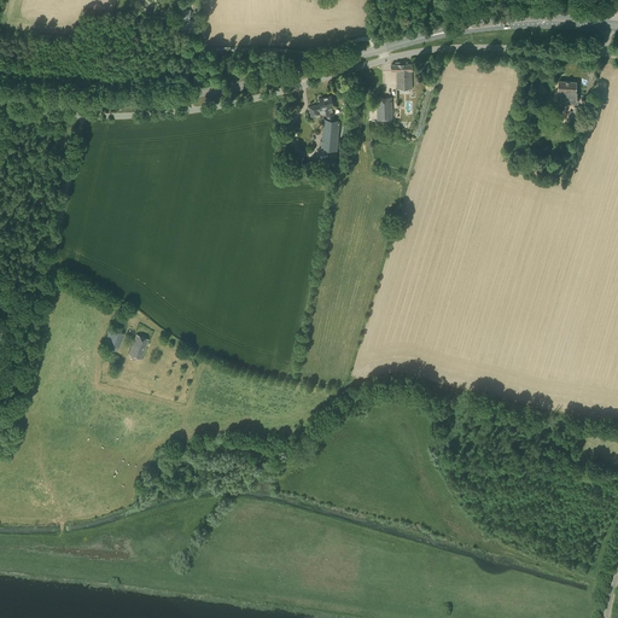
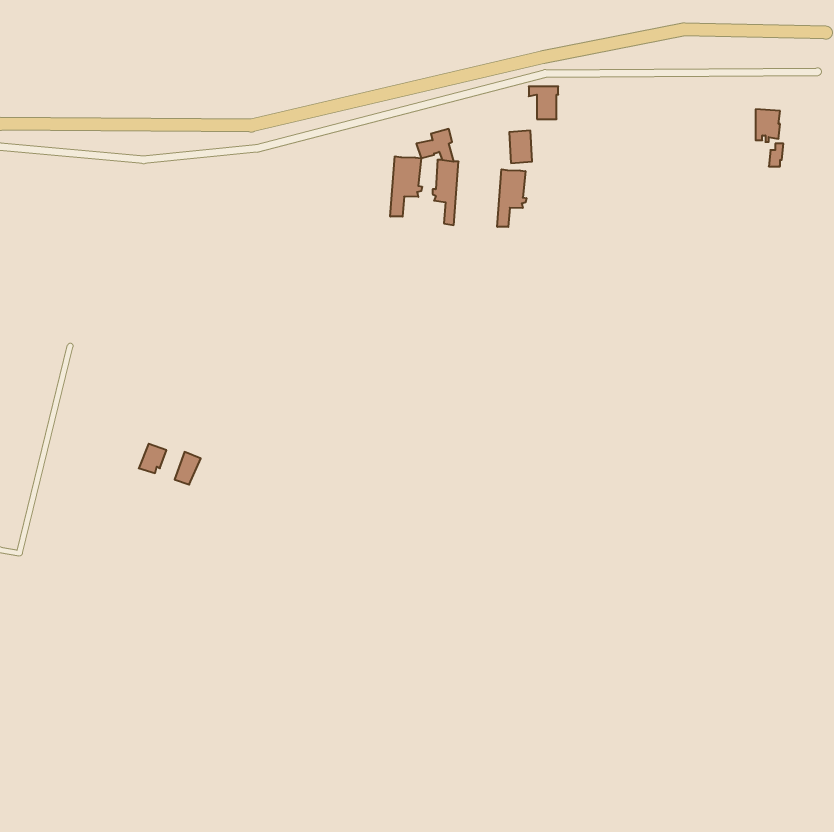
building: none -> [390,156,422,217]
building: none -> [497,169,526,227]

